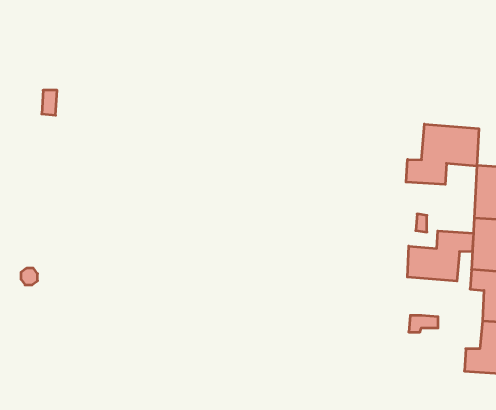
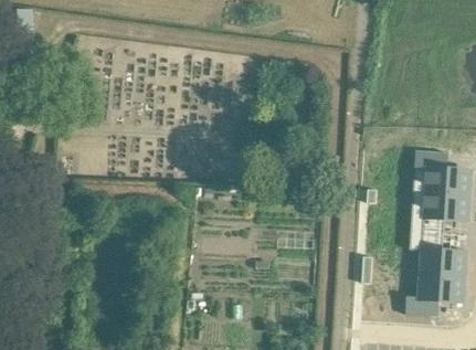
building: [406,124,479,184] -> none
building: [407,231,473,281] -> none

